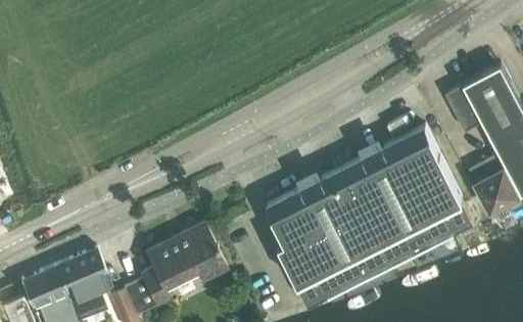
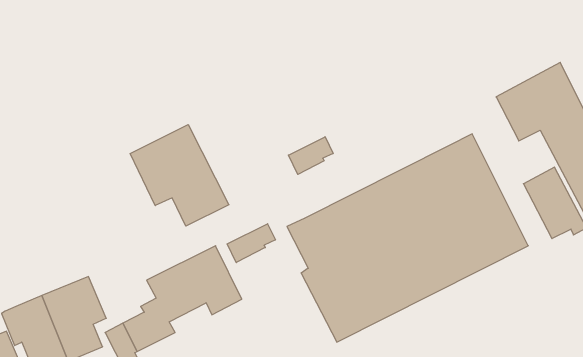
building: none -> [130,125,229,226]
building: none -> [288,137,333,174]
building: none -> [227,224,275,263]

